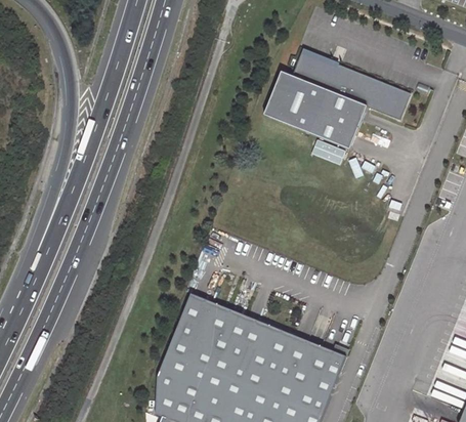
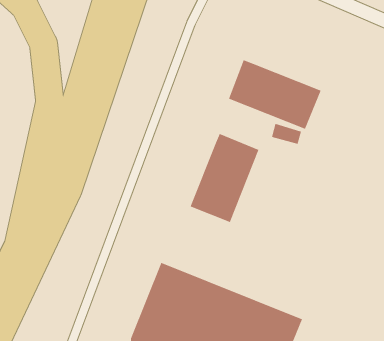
building: [292,48,410,118] -> none
building: none -> [190,133,259,223]

